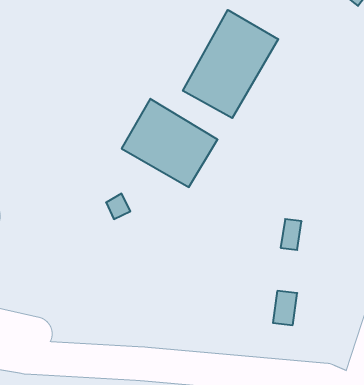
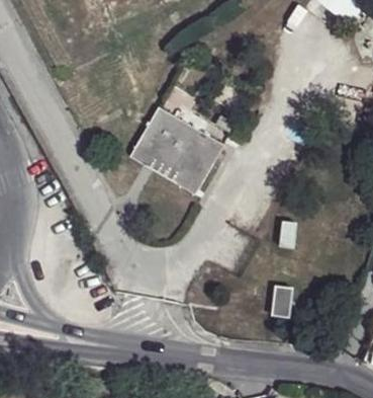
building: [183,10,278,118] -> none

